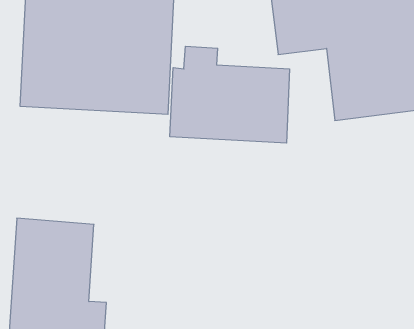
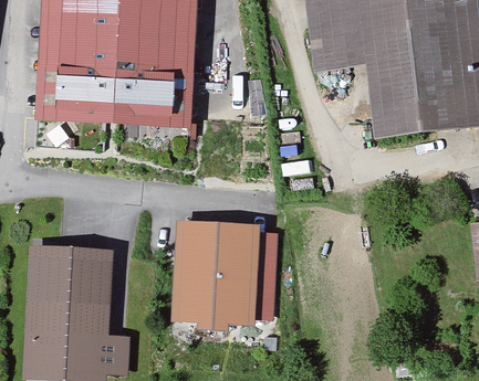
building: [170,46,289,143] -> none
building: none -> [170,220,260,327]

